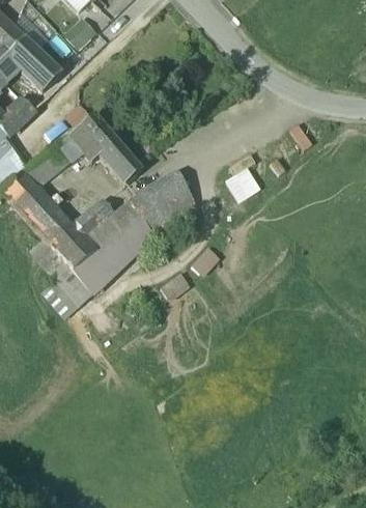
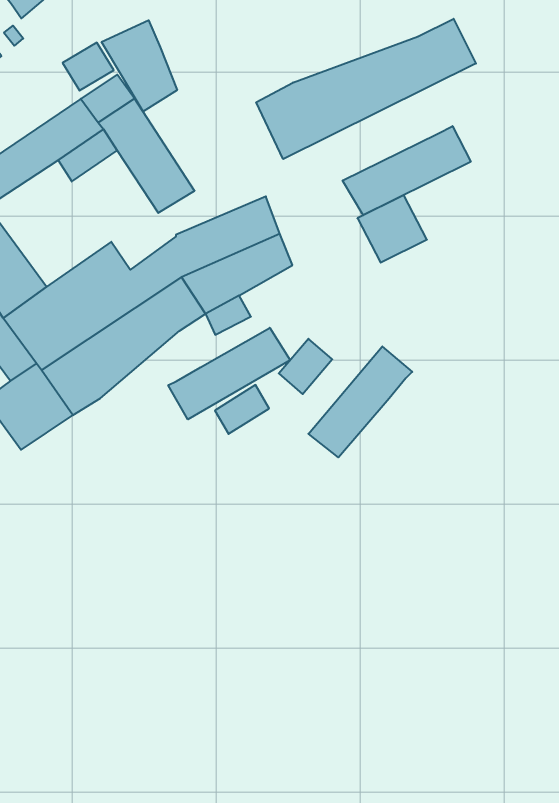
building: none -> [256,19,476,159]
building: none -> [102,20,177,111]
building: none -> [343,126,471,215]
building: none -> [168,328,290,419]
building: none -> [308,346,412,457]

